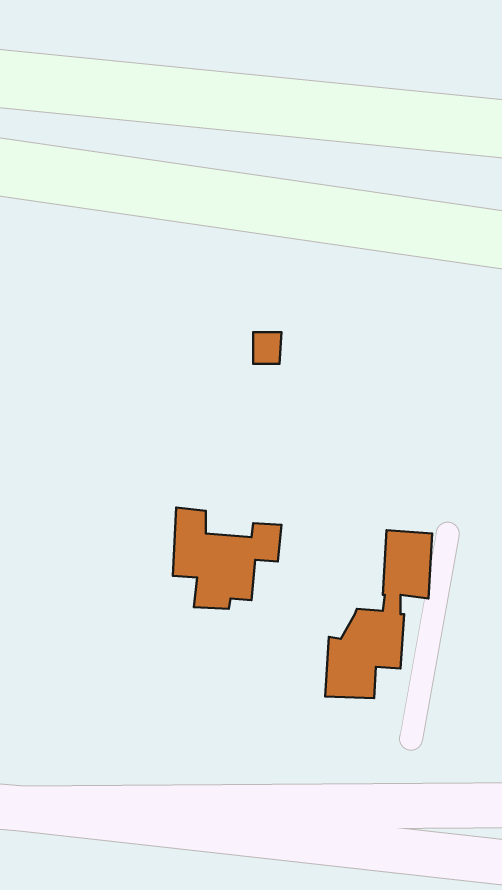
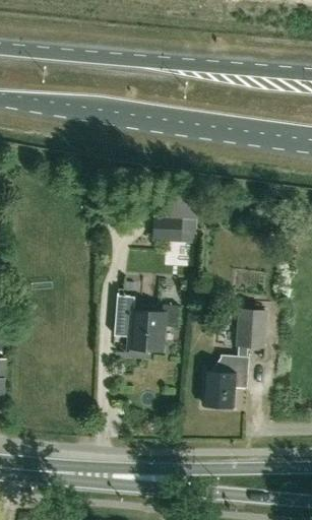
building: none -> [152,216,180,242]

